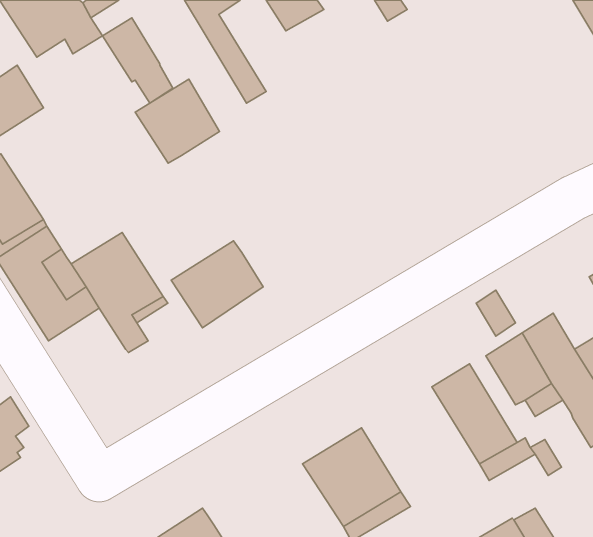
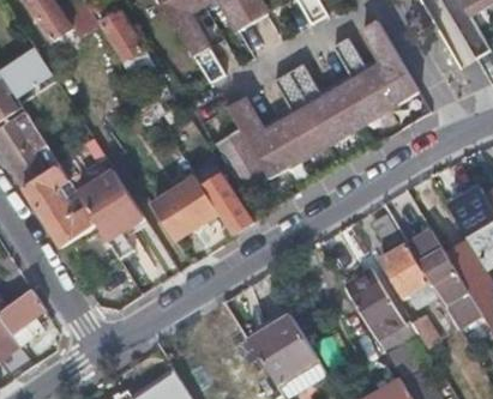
building: none -> [212,17,411,185]
building: [135,79,219,163] -> none
building: none -> [203,171,254,234]

